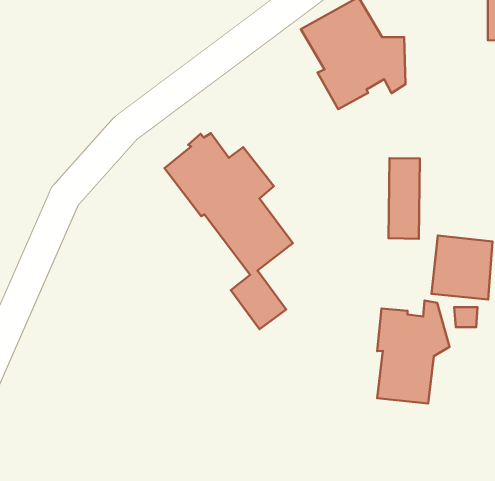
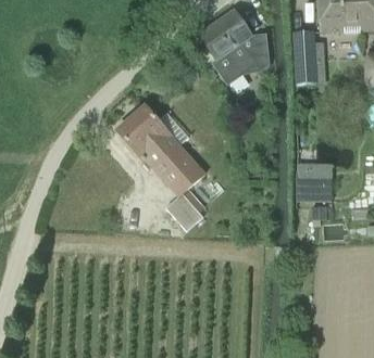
building: [389,158,420,239] -> [294,31,316,85]
building: [377,301,450,404] -> none

